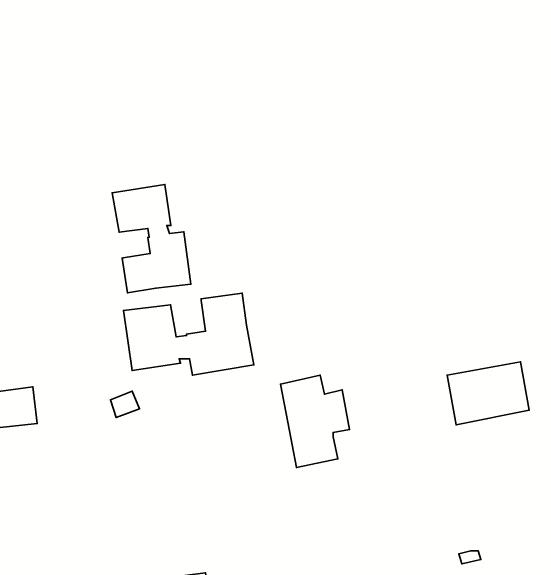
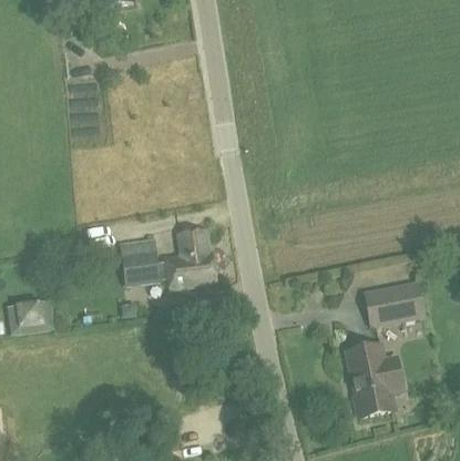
building: [112,185,191,293] -> none
building: [281,375,349,468] -> [349,347,401,417]

